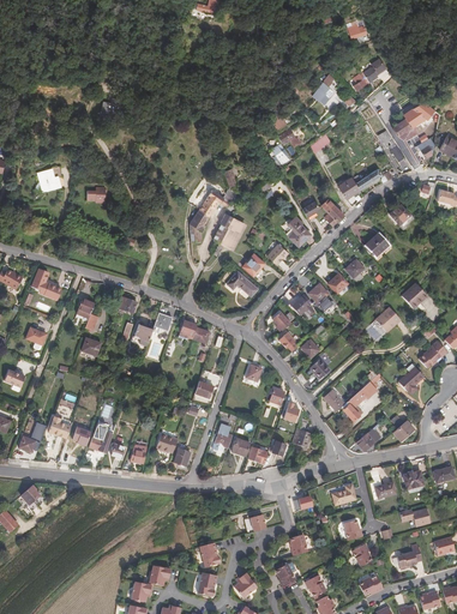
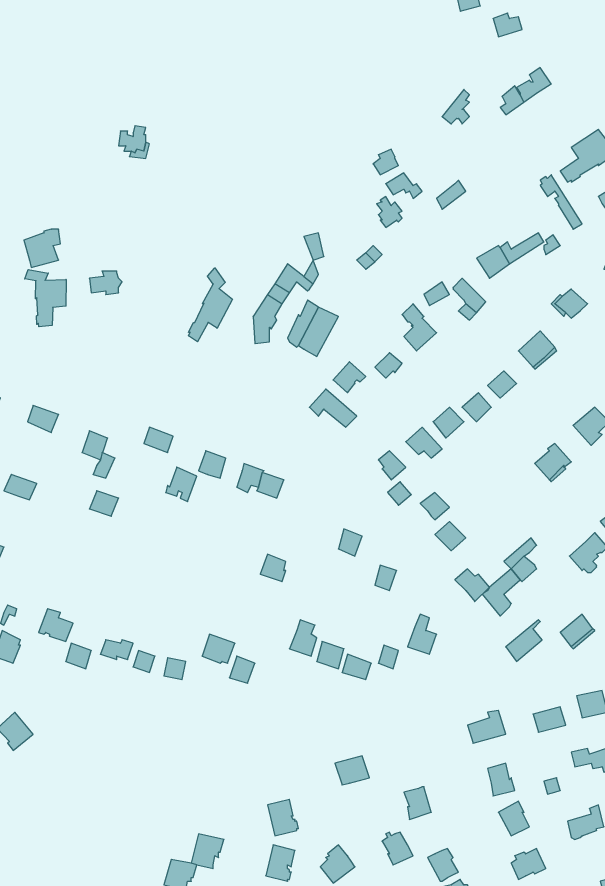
building: none -> [189,268,232,342]
building: none -> [25,270,66,327]

